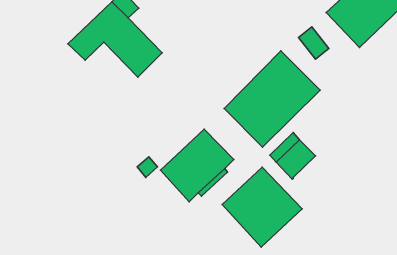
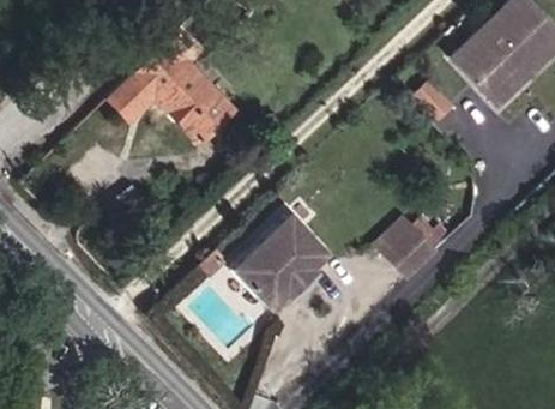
building: [224,51,320,147] -> none
building: [222,167,302,247] -> none

